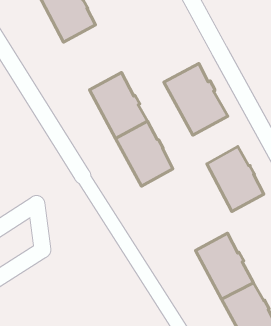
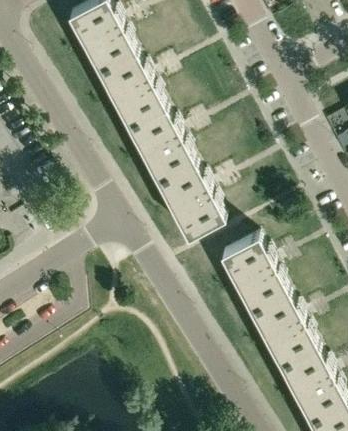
building: none -> [98,50,165,125]
building: [164,63,228,135] -> none
building: [207,146,264,212] -> [221,235,287,310]

